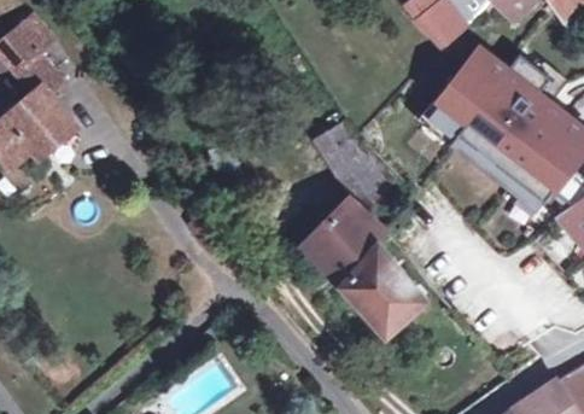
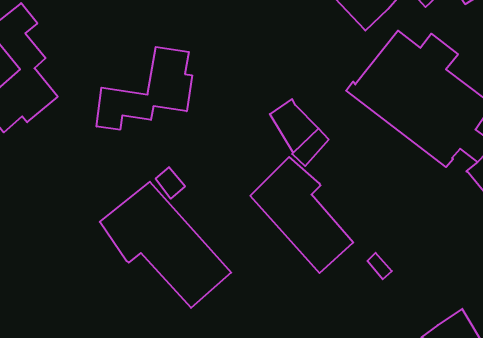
building: none -> [97,47,192,130]
building: none -> [100,182,231,308]

